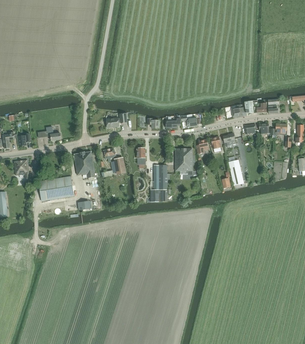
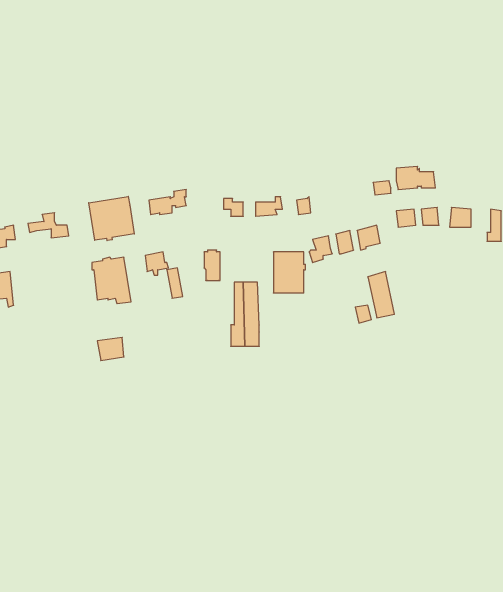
building: none -> [89,196,134,241]
building: [38,176,73,201] -> none

